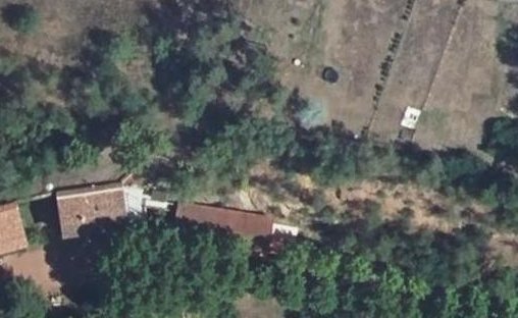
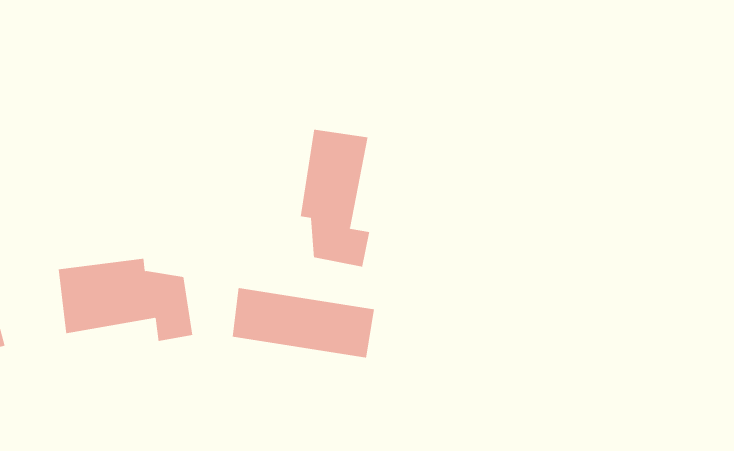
building: none -> [300,129,370,267]

